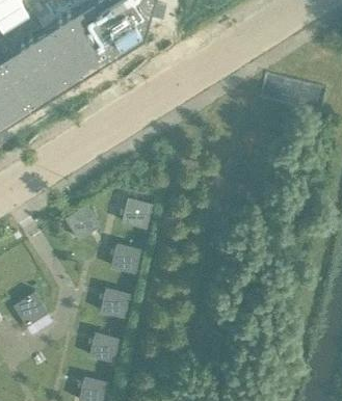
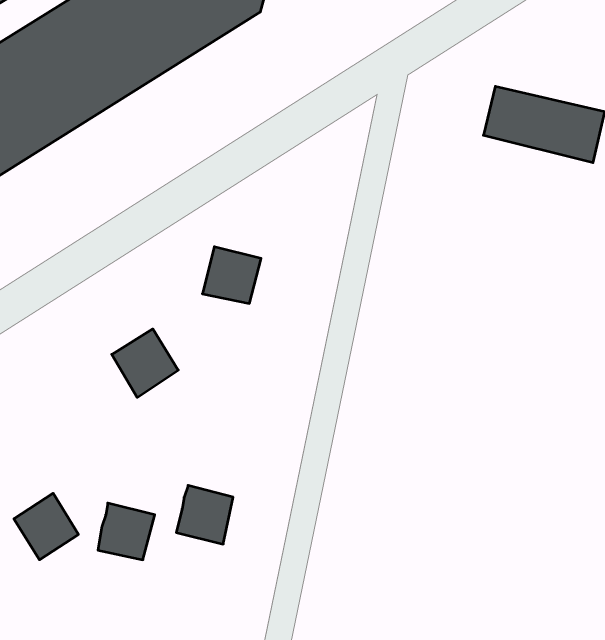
building: [122,198,153,229] -> [202,247,261,303]
building: [110,243,141,274] -> none
building: [89,332,120,363] -> [98,503,155,560]

